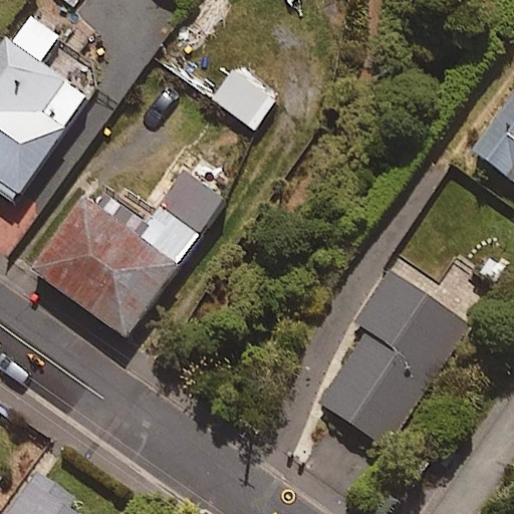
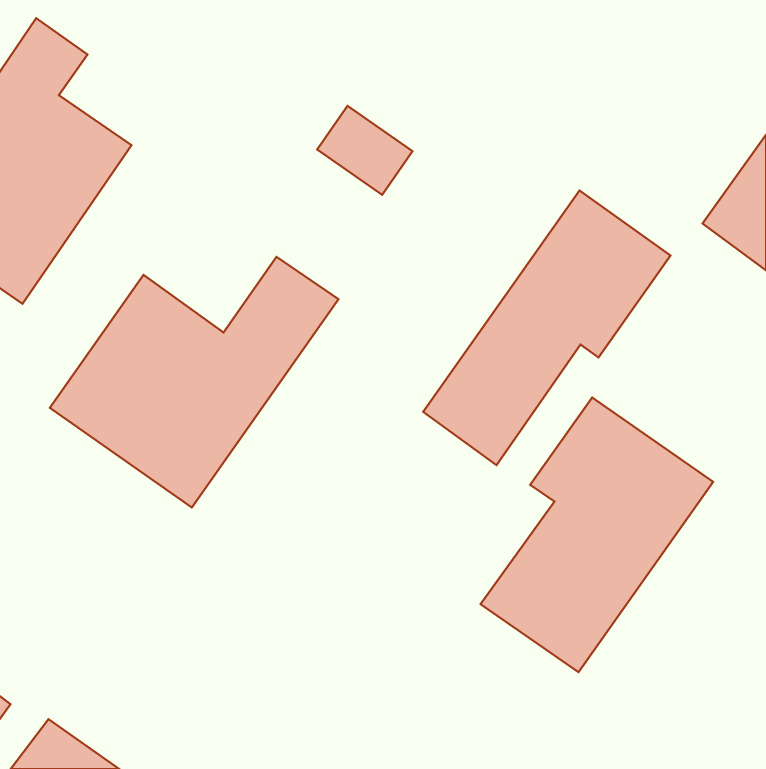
building: none -> [423,190,670,465]

